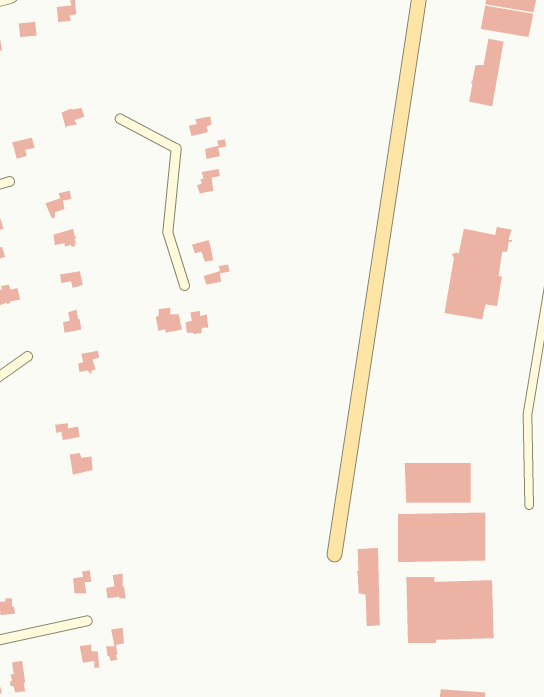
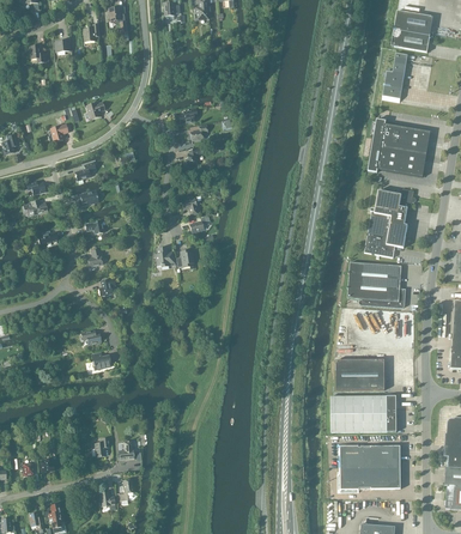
building: none -> [369,119,431,176]
building: none -> [348,261,407,308]
building: [356,547,381,627] -> none

